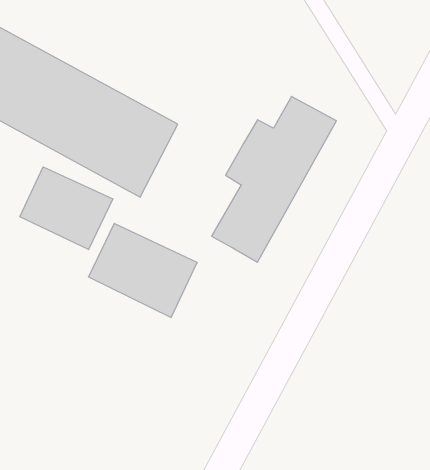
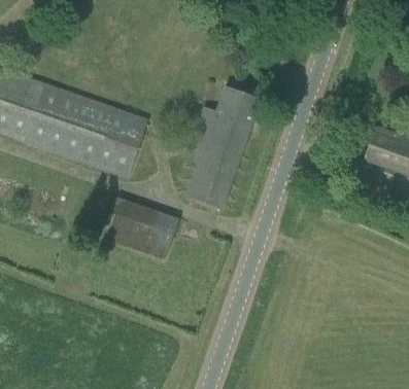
building: [20,167,113,250] -> none

